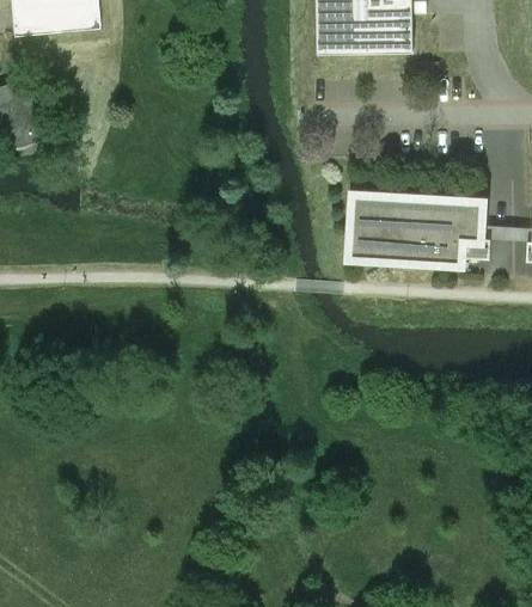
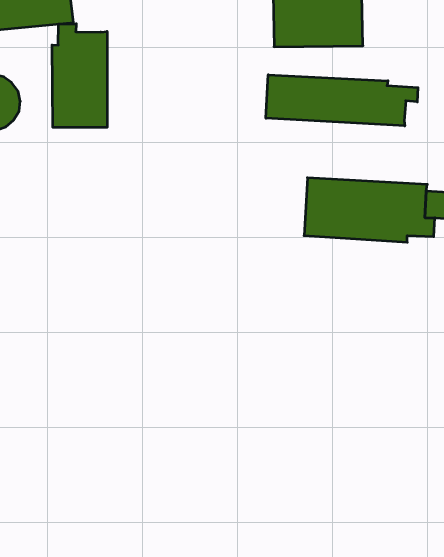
building: none -> [52,24,107,127]
building: none -> [266,75,418,126]

